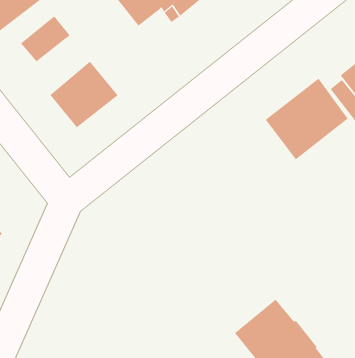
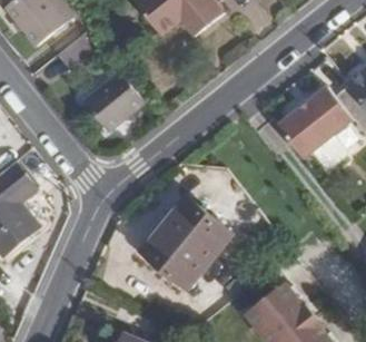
building: none -> [141,198,229,290]

